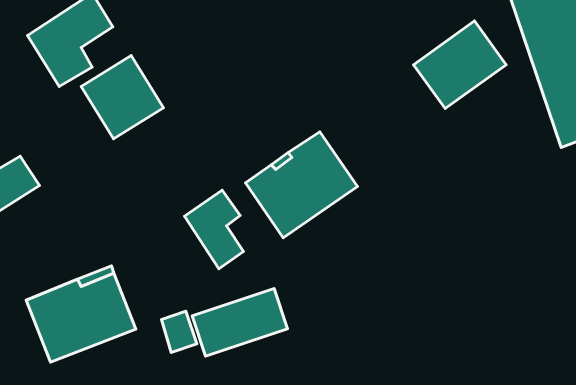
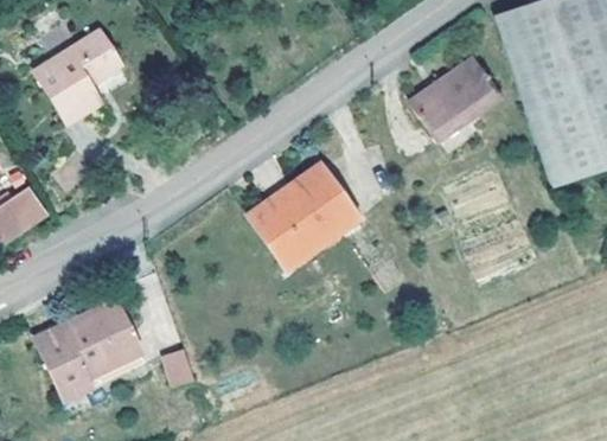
building: [81,56,164,139] -> none
building: [185,190,243,269] -> none
building: [192,289,287,356] -> none

